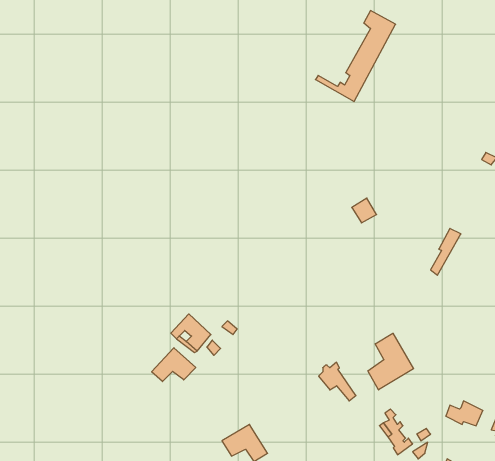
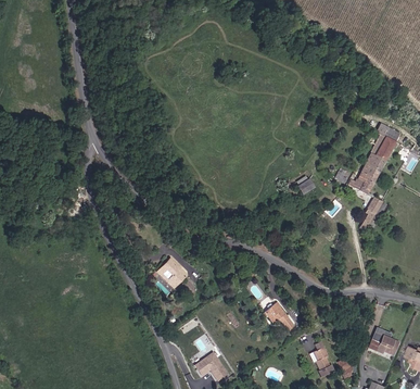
building: [315,11,396,102] -> [333,124,396,196]
building: [368,333,414,390] -> none
building: [152,348,196,382] -> none

